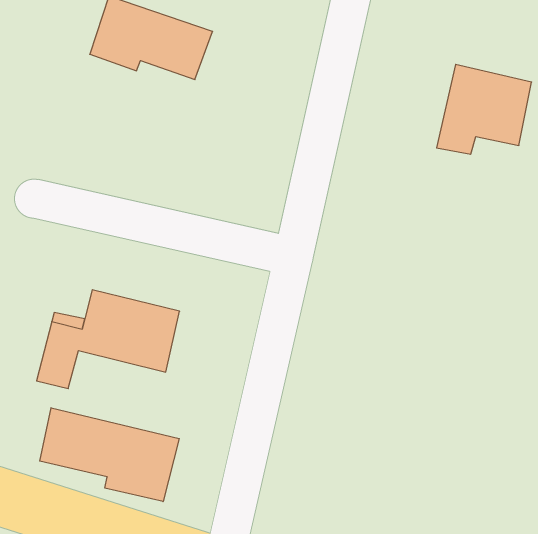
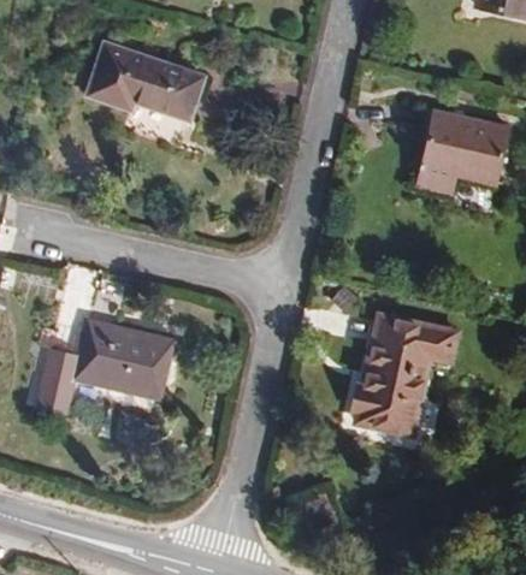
building: none -> [351,313,457,437]
building: [40,408,179,502] -> none

